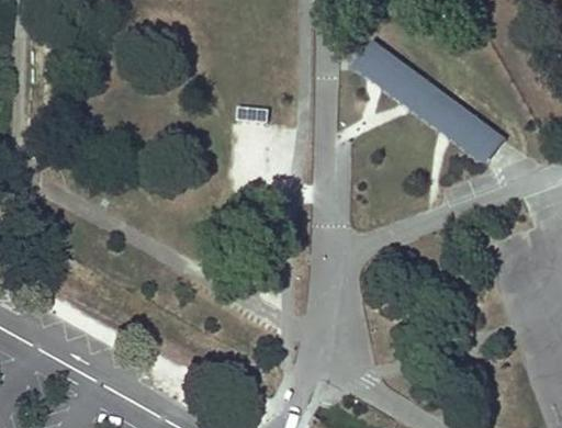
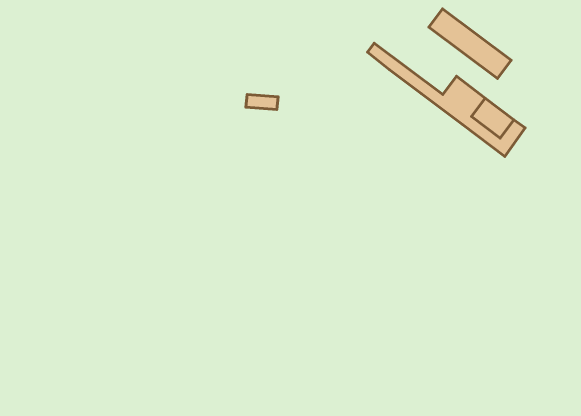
building: [359,38,438,105] -> [429,9,511,79]

